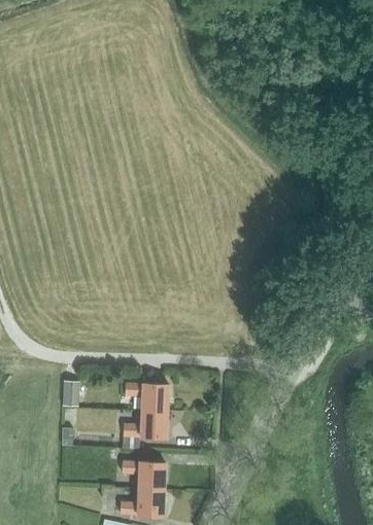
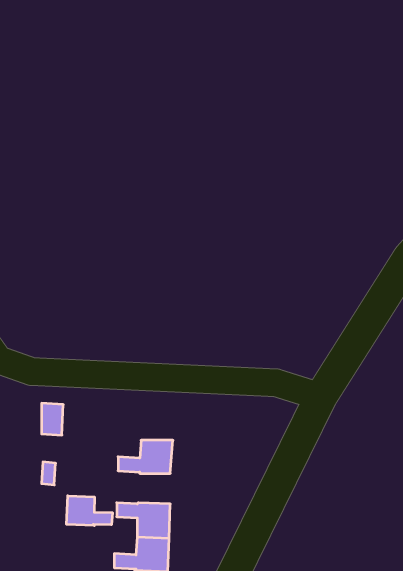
building: [125,383,169,411] -> none
building: none -> [67,496,112,526]

